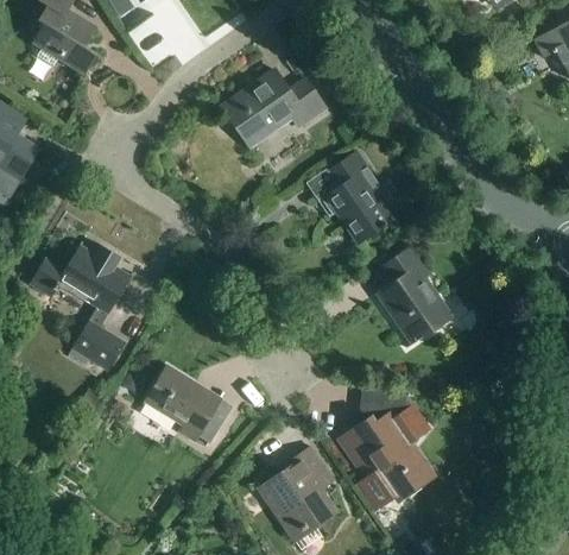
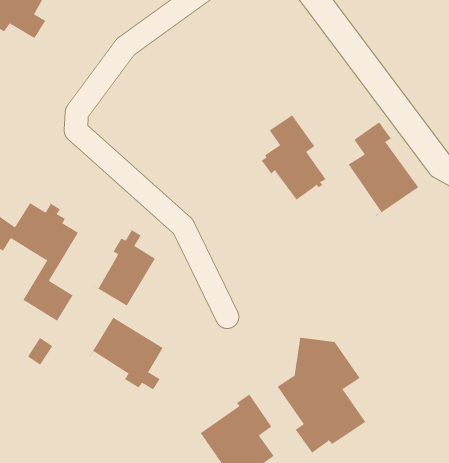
building: [221,70,325,147] -> none
building: [377,248,451,348] -> [348,122,419,217]
building: none -> [92,229,161,306]

